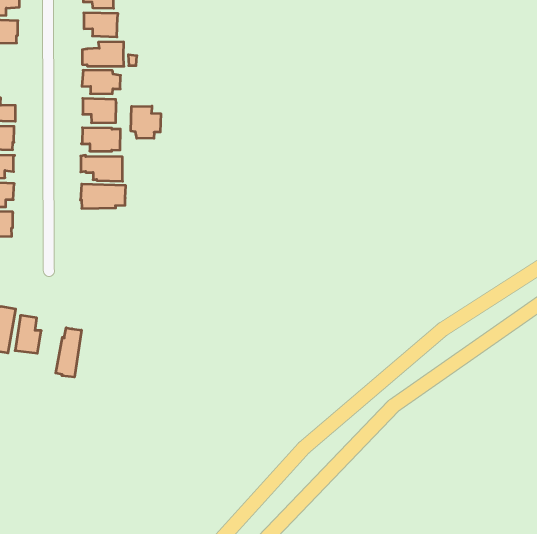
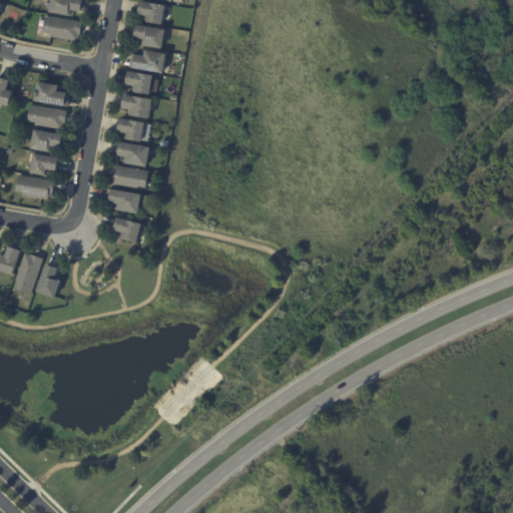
building: [131,106,161,138] -> none
building: none -> [105,188,146,214]
building: none -> [113,214,140,239]
building: [56,328,81,377] -> none

